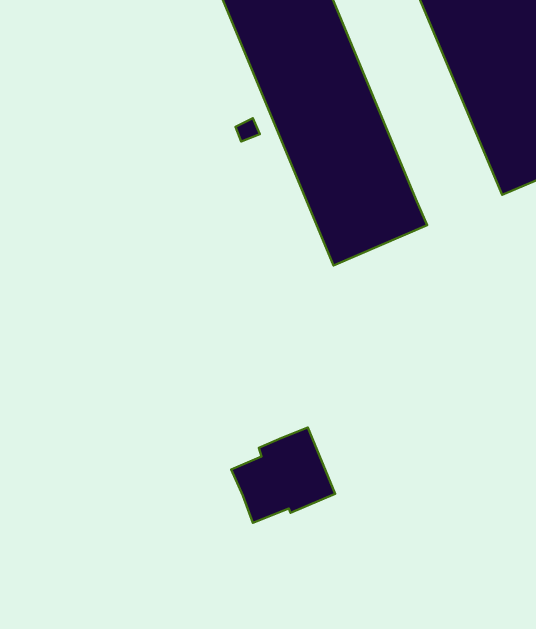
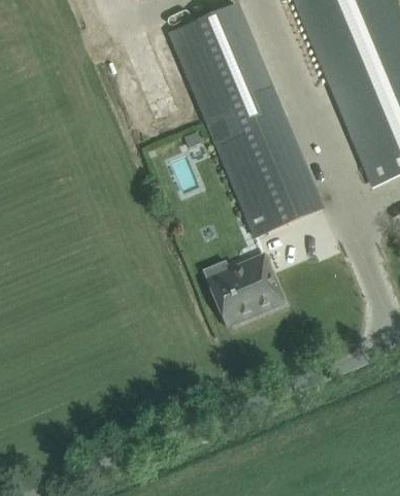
building: [231,428,335,523] -> [208,254,282,322]

